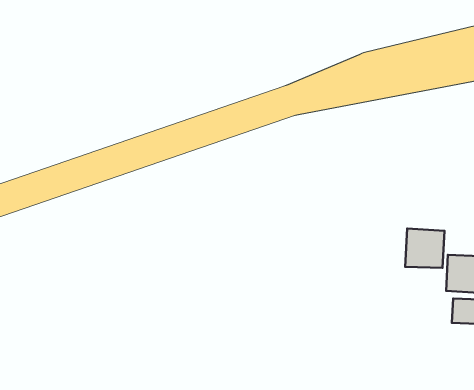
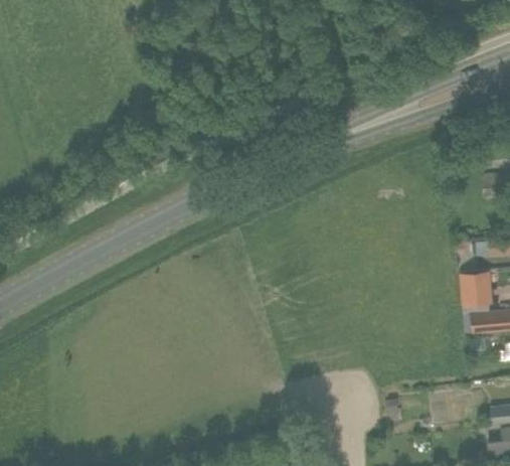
building: [405,229,444,268] -> none

